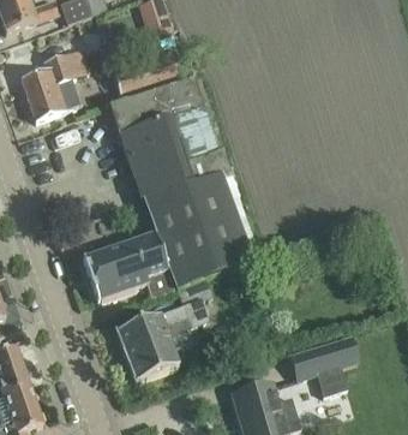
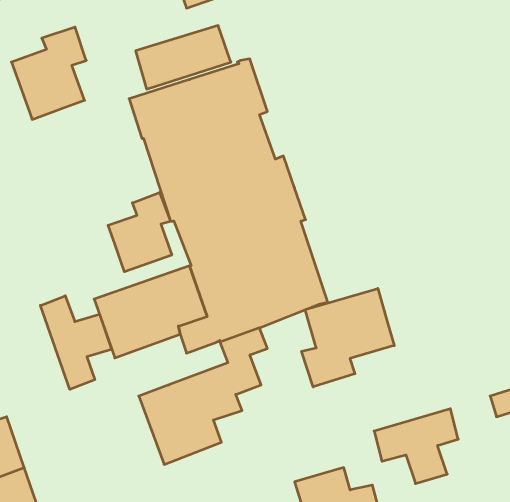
building: none -> [108,192,172,272]
building: none -> [302,288,394,387]
building: none -> [40,296,112,389]

